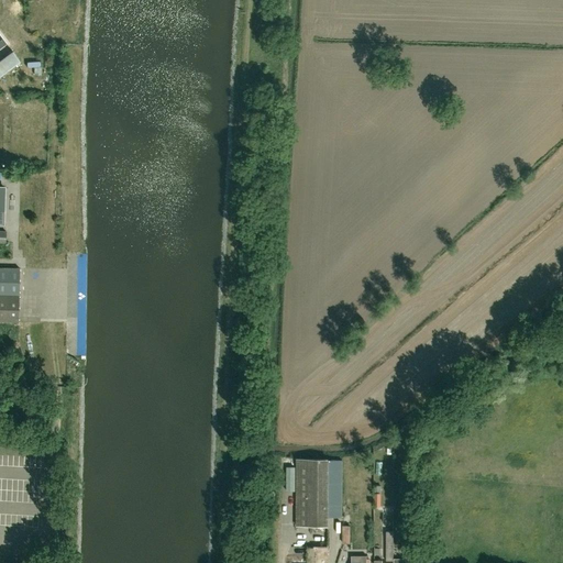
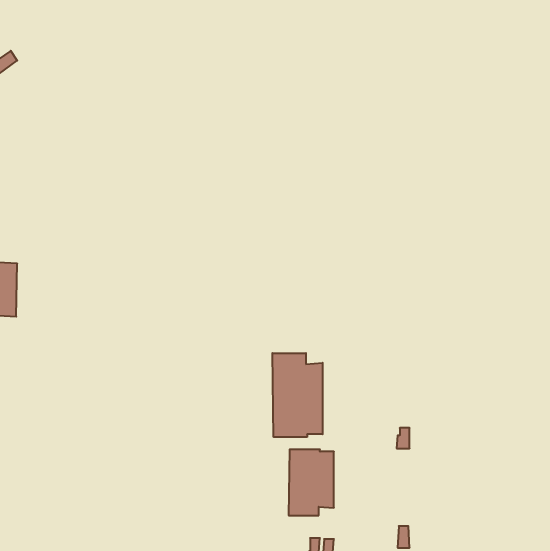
building: none -> [272,353,323,437]

